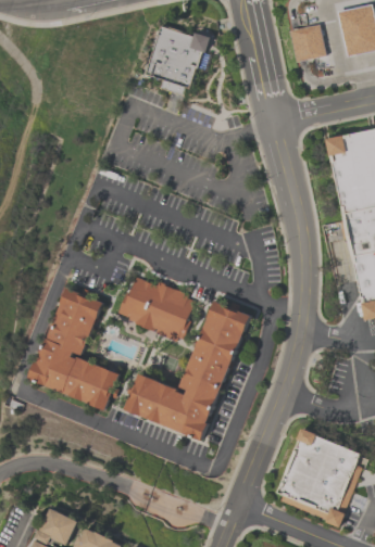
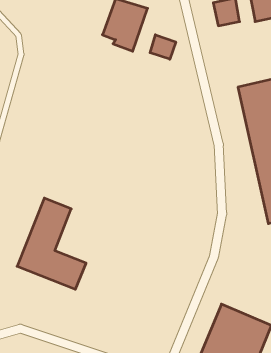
building: none -> [150,35,176,59]
building: [118,276,191,341] -> none
building: [125,302,253,441] -> none

